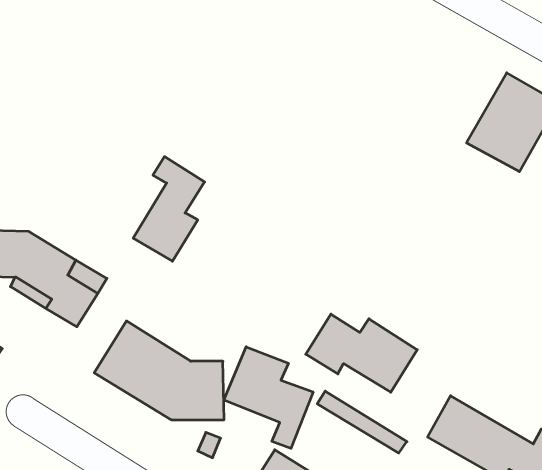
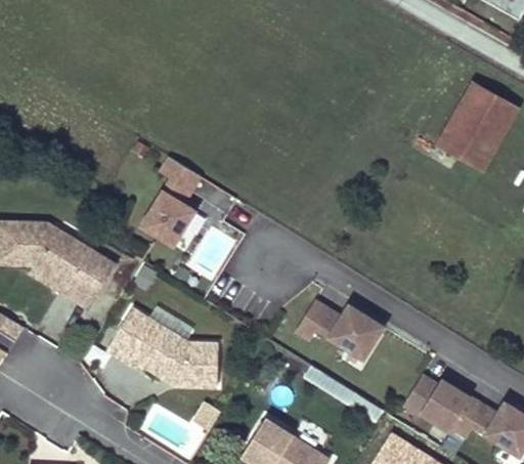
building: [224,347,313,448] -> none

